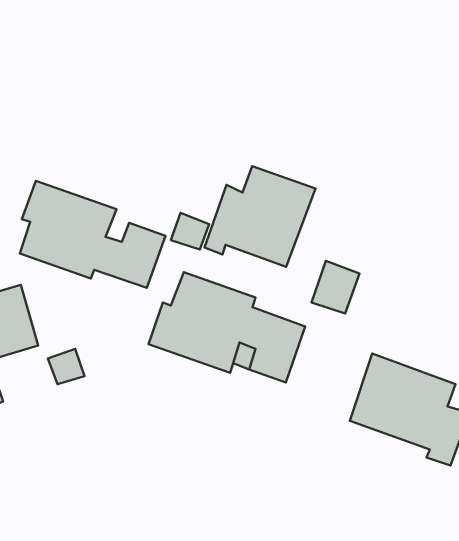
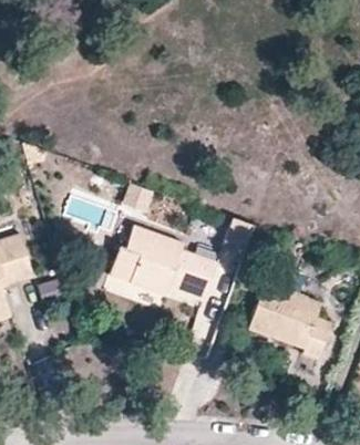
building: [205,166,316,267] -> none
building: [20,181,166,288] -> none

